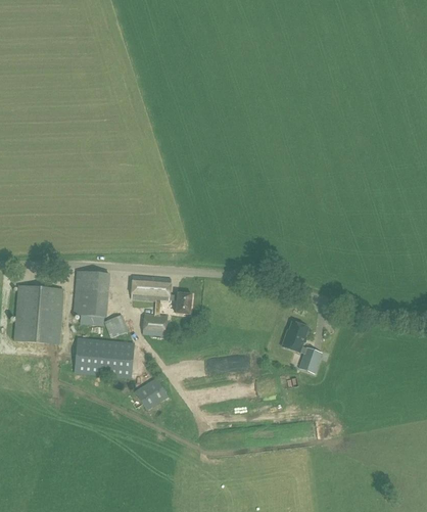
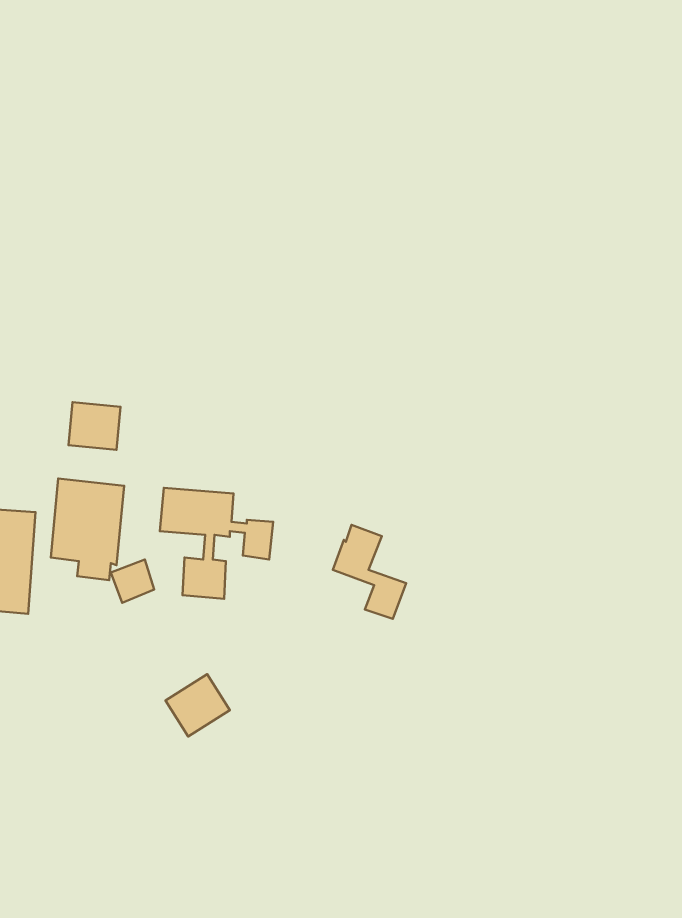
building: none -> [69,402,121,450]
building: [281,321,321,372] -> [333,525,406,619]
building: [78,337,134,377] -> none

